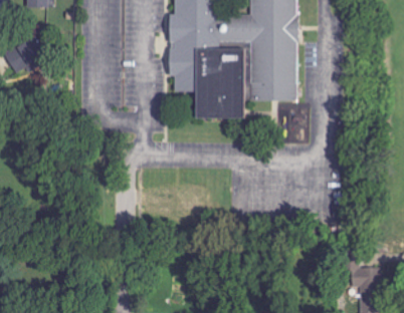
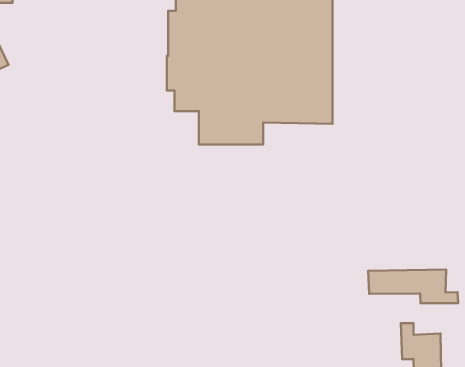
building: none -> [368,270,458,303]

